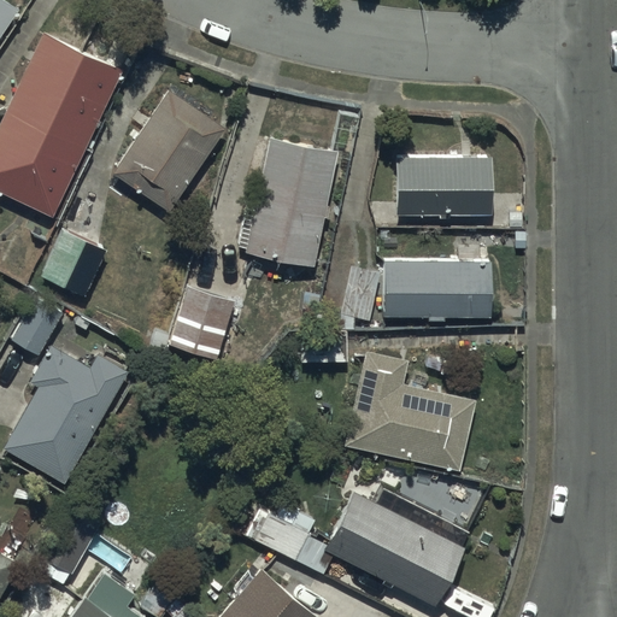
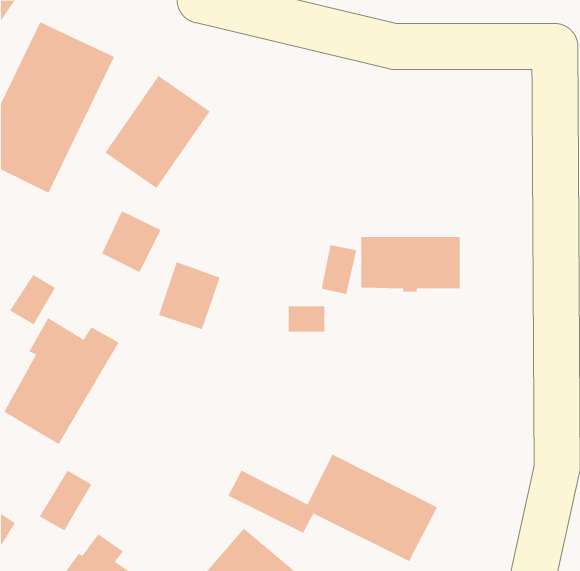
building: [246,136,337,266] -> none
building: [395,157,490,218] -> none
building: [41,230,105,296] -> [101,210,161,273]
building: [346,351,474,471] -> none

